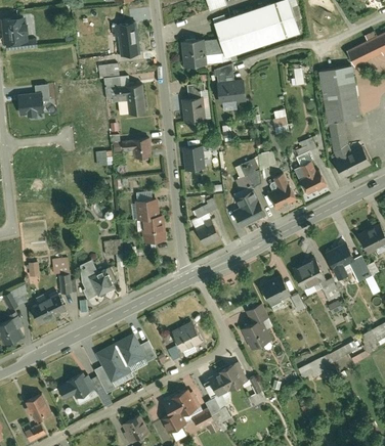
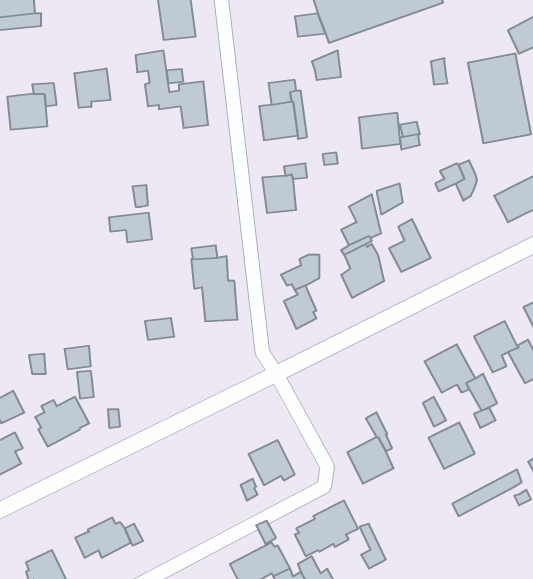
building: [181,40,207,65] -> none
building: none -> [75,68,110,108]
building: [218,80,246,103] -> [359,113,400,148]
building: [329,122,352,159] -> none
building: [123,139,152,159] -> [109,213,152,242]
building: [293,162,327,194] -> none
building: [80,260,118,297] -> none
building: [258,274,289,305] -> [428,422,475,469]
building: [92,331,142,382] -> none

